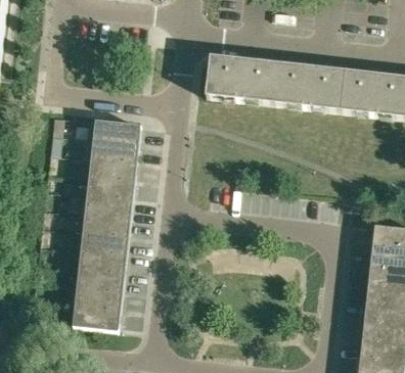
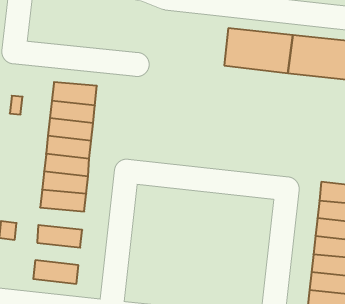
building: [205,54,276,101] -> none
building: [78,249,126,273] -> none
building: [75,286,122,310] -> none

